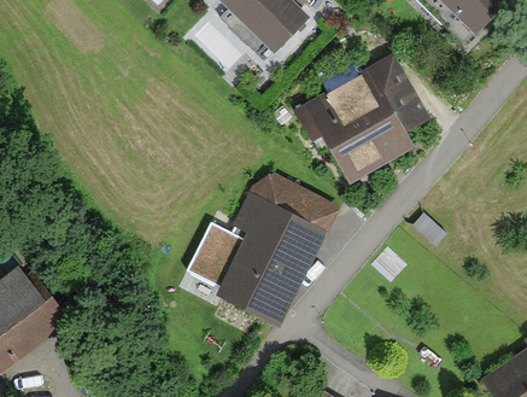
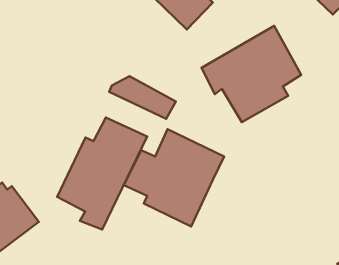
building: [247,171,339,230] -> [109,76,176,119]
building: none -> [57,117,147,229]

